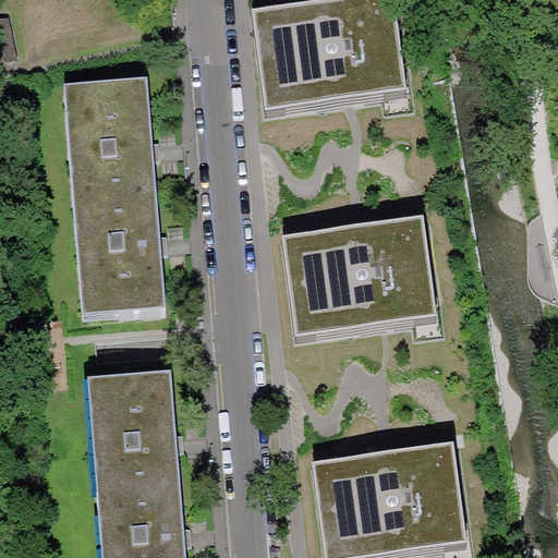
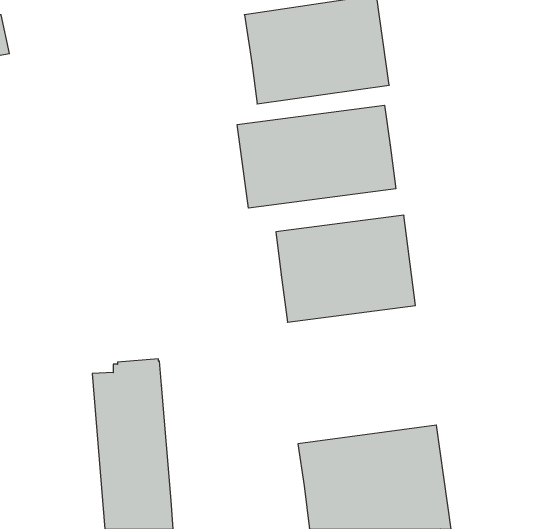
building: [73,81,161,313] -> none
building: none -> [237,105,396,208]

